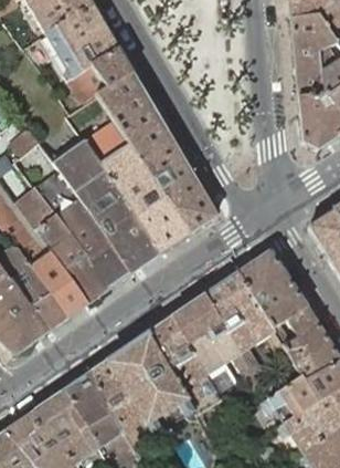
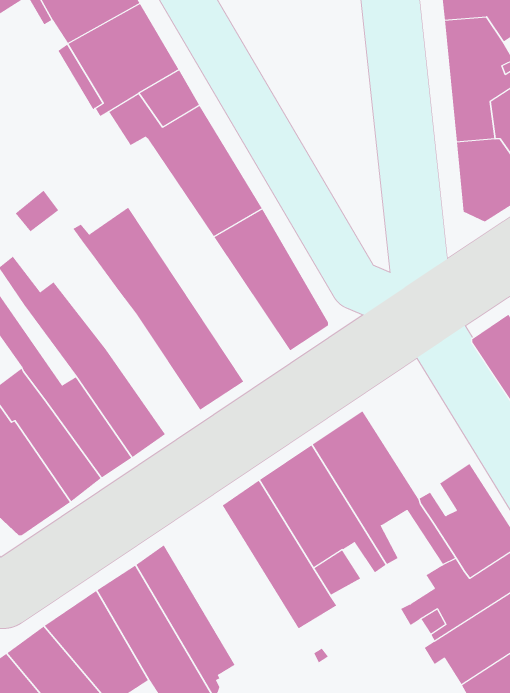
building: [67,94,191,252] -> none
building: [38,169,132,287] -> none
building: [238,250,308,329] -> none
building: [109,333,199,440] -> none

